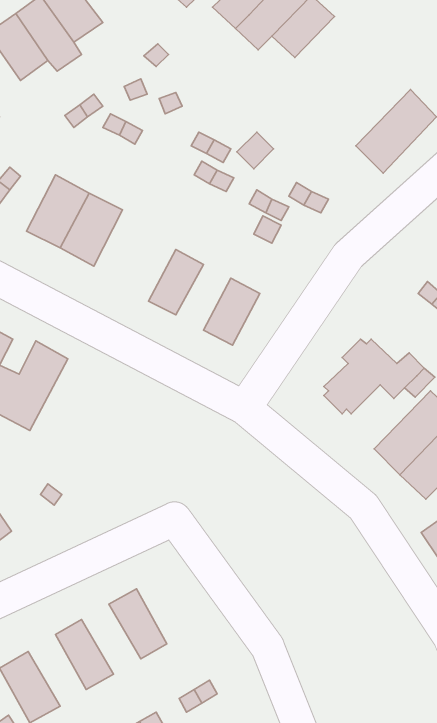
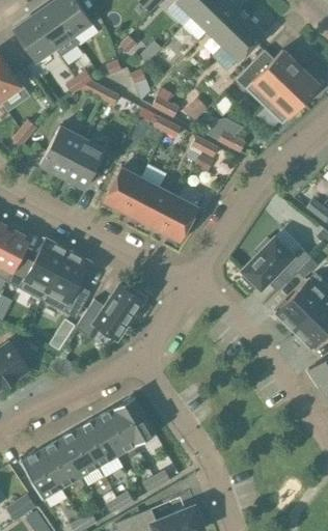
building: none -> [213,18,265,69]
building: none -> [236,50,301,106]
building: none -> [103,166,141,212]
building: none -> [141,187,179,231]
building: none -> [42,251,90,317]
building: none -> [74,284,148,338]
building: none -> [114,396,156,445]
building: none -> [77,418,117,466]
building: none -> [40,439,80,487]

